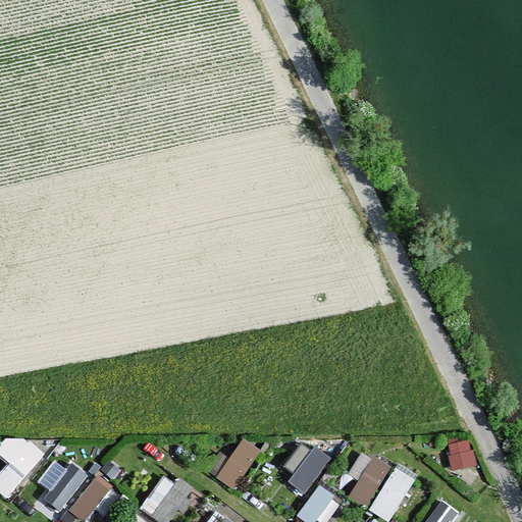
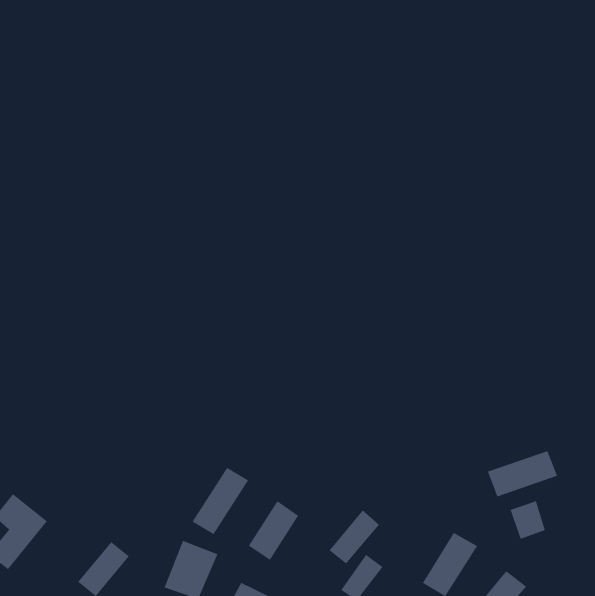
building: none -> [487,450,558,497]
building: none -> [191,467,249,535]
building: [348,451,389,508] -> none
building: [37,457,85,517] -> none

